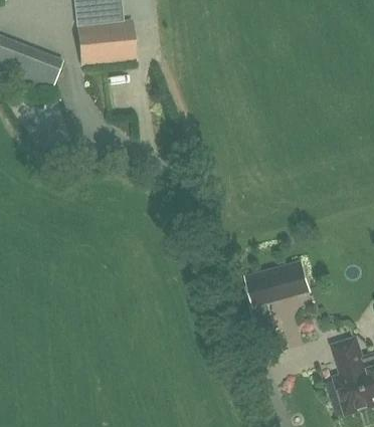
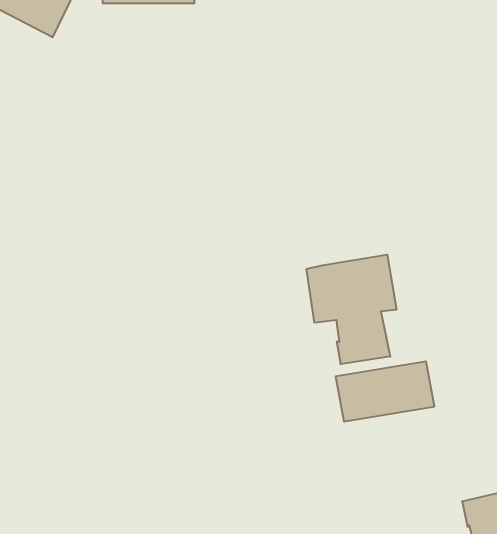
building: none -> [306,255,396,364]

